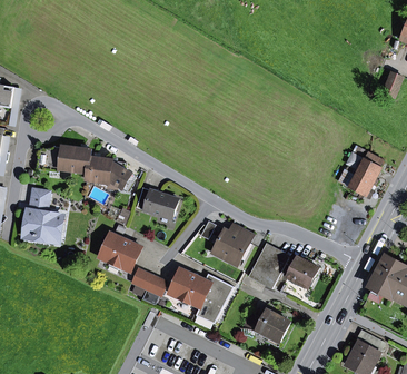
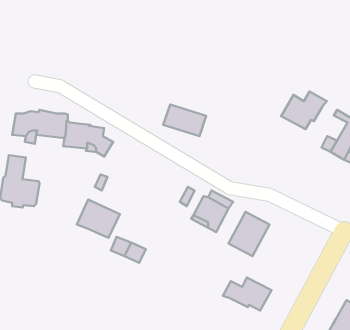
building: none -> [281,91,327,129]
building: [136,187,178,218] -> [163,104,206,136]
building: [287,256,319,287] -> none
building: [169,268,232,324] -> none

